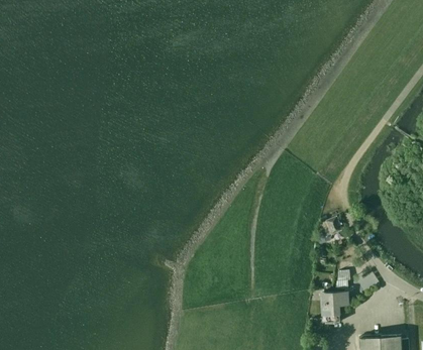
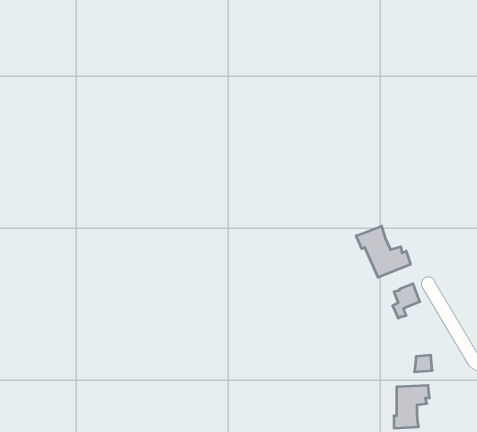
building: none -> [356,226,410,277]

